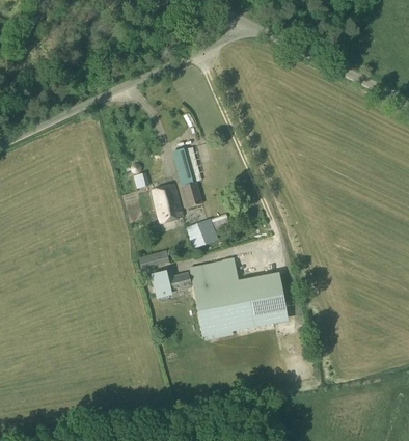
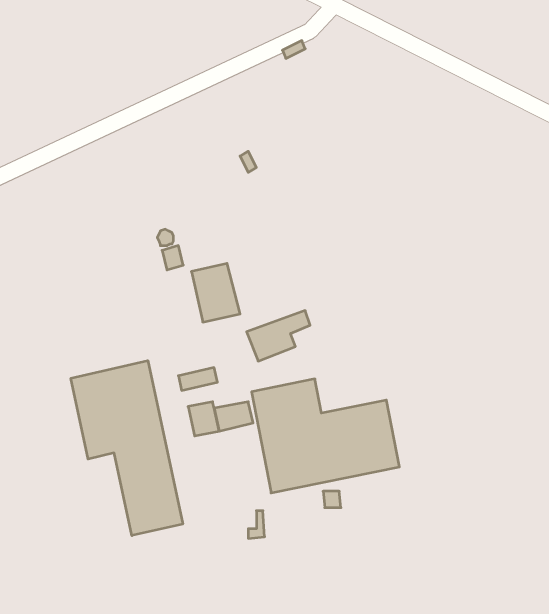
building: [173,148,205,211] -> none
building: none -> [71,361,183,536]

